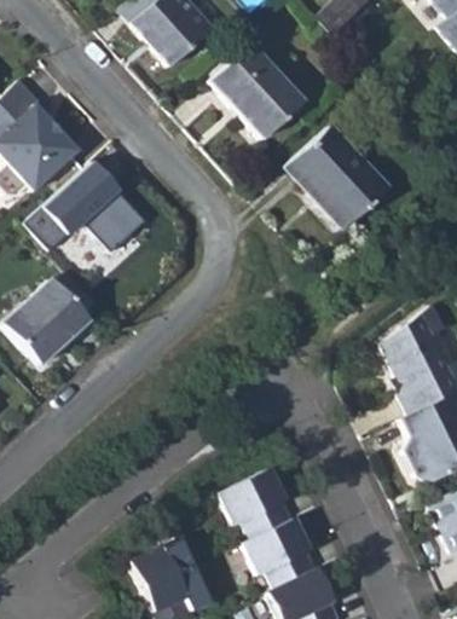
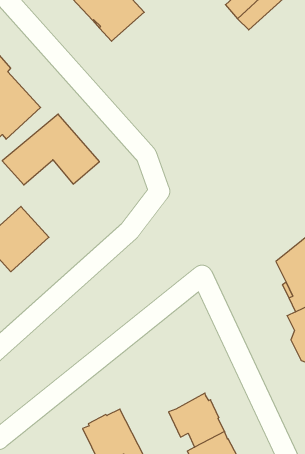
building: [209,45,302,140] -> none
building: [287,125,388,227] -> none
building: [218,473,290,542] -> none

